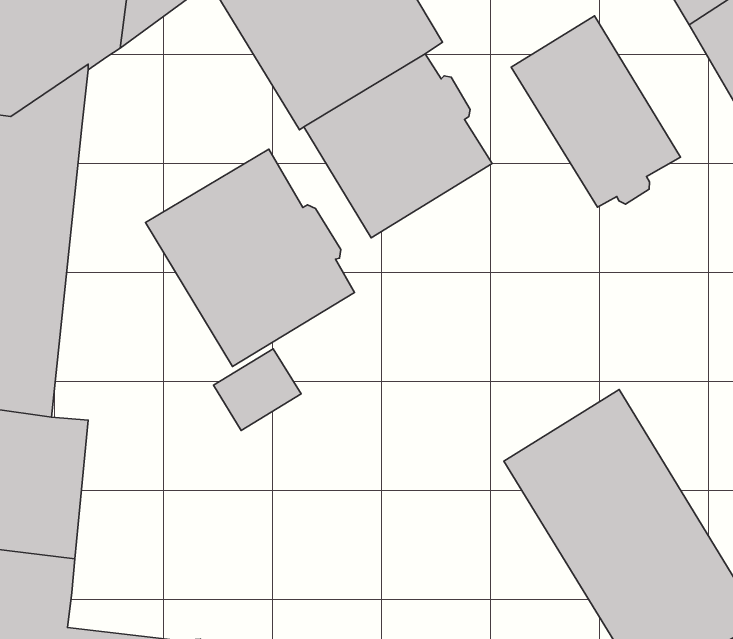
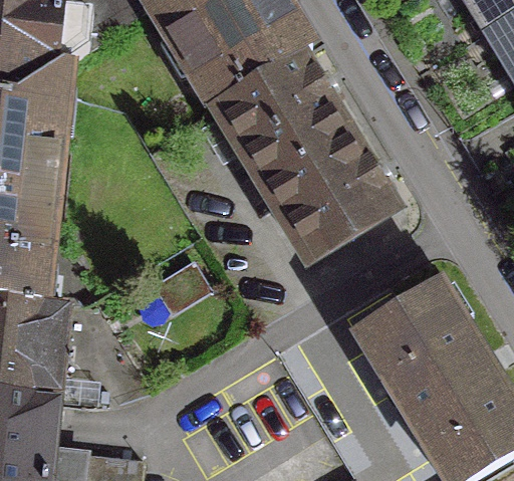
building: [511,16,680,207] -> none
building: [145,149,354,367] -> none
building: none -> [263,130,394,258]

